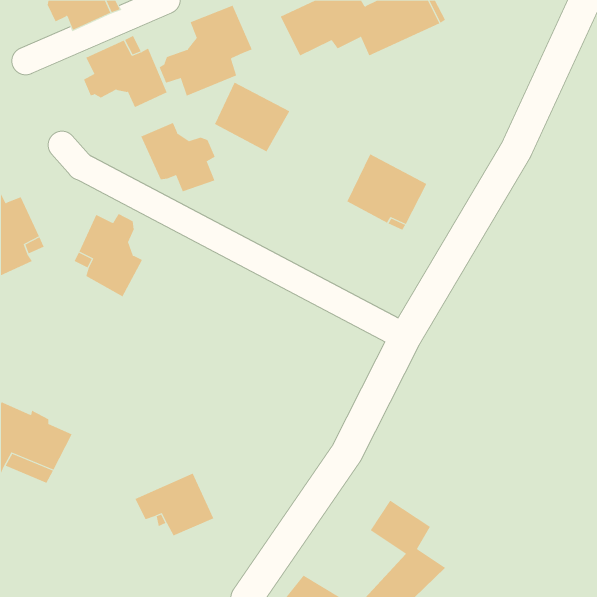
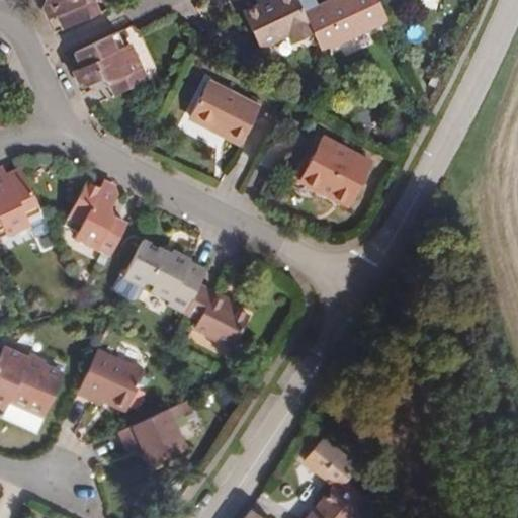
building: [159,5,253,96] -> none
building: [141,122,216,192] -> none
building: none -> [125,243,190,300]
building: none -> [182,286,248,349]
building: none -> [75,352,144,410]

